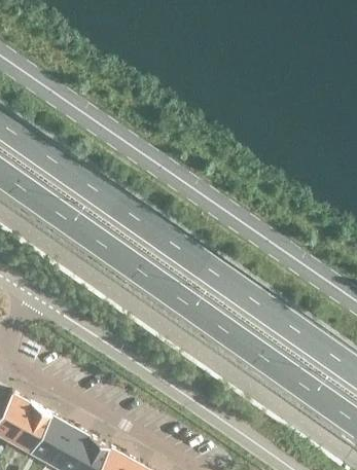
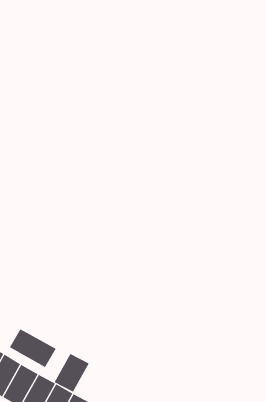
building: none -> [9,328,56,368]
building: none -> [54,353,89,393]

